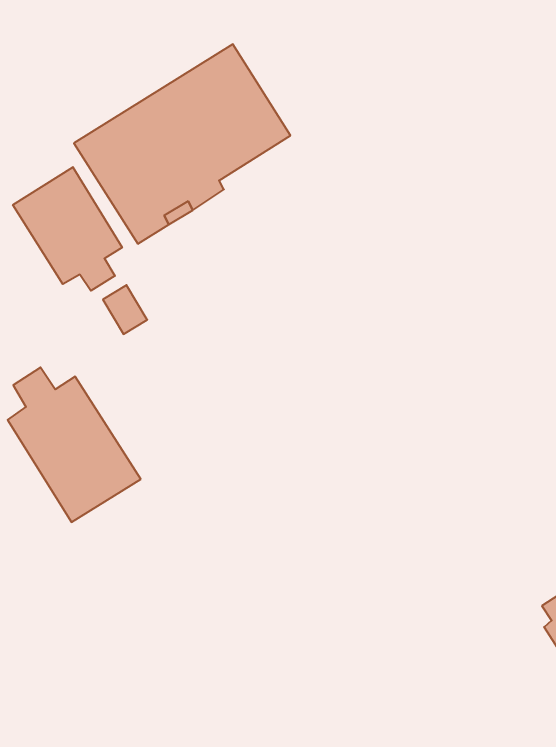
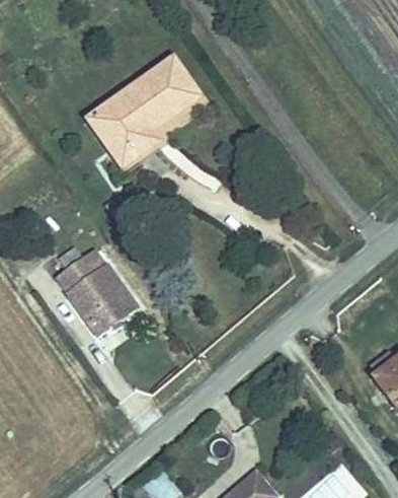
building: [13,167,122,291] -> none

